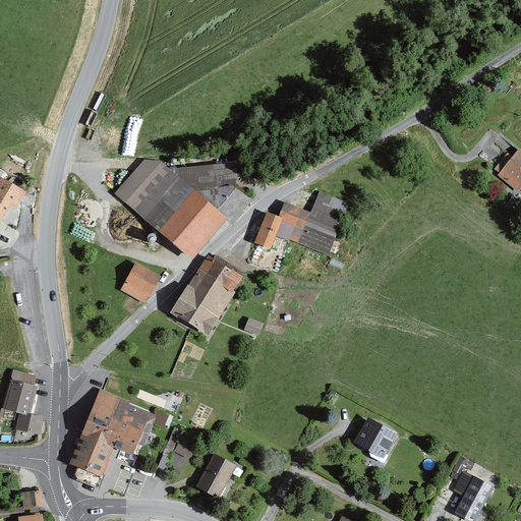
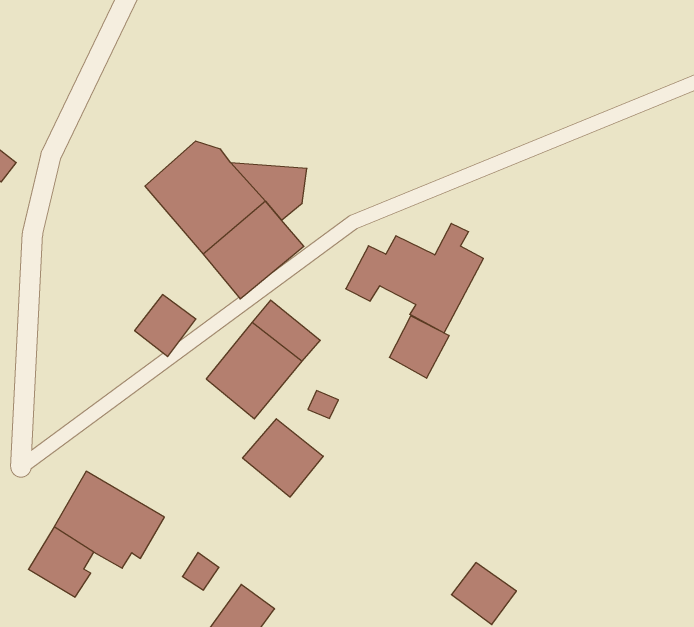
building: [207,189,244,220] -> none
building: none -> [389,316,449,378]
building: none -> [243,419,323,497]

